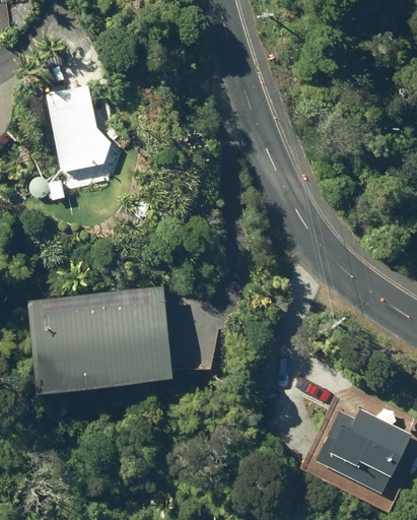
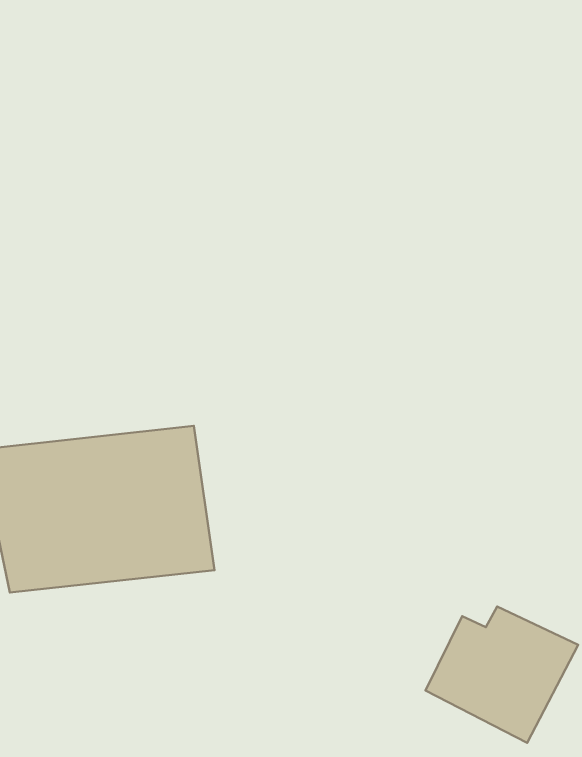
building: [46,88,108,176] -> none

